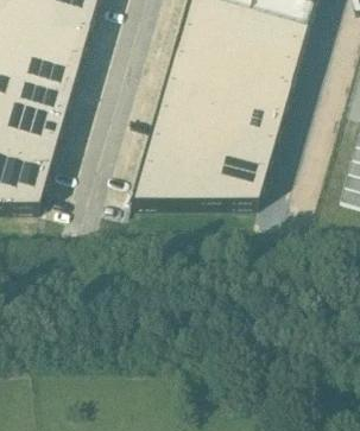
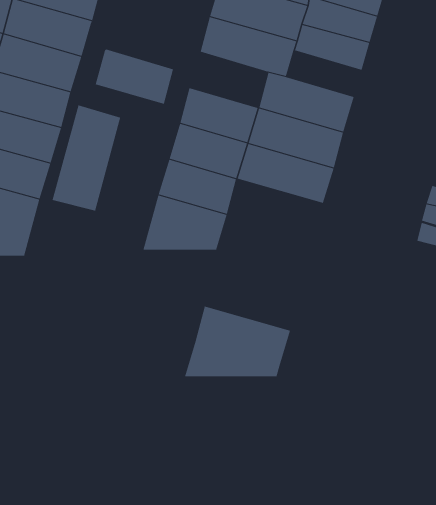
building: [241,44,299,80] -> none
building: [166,45,227,88] -> [95,49,174,105]
building: none -> [52,104,121,212]
building: [188,142,270,197] -> [184,306,291,377]

